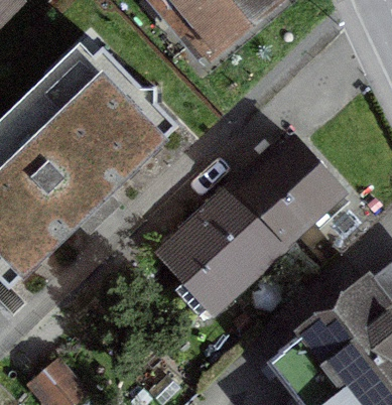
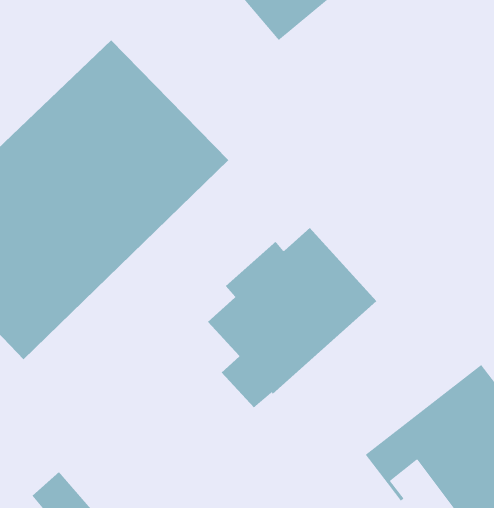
building: [233,145,331,242] -> none

